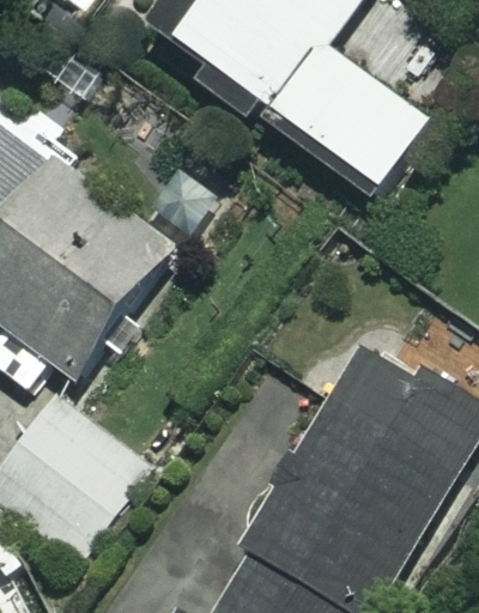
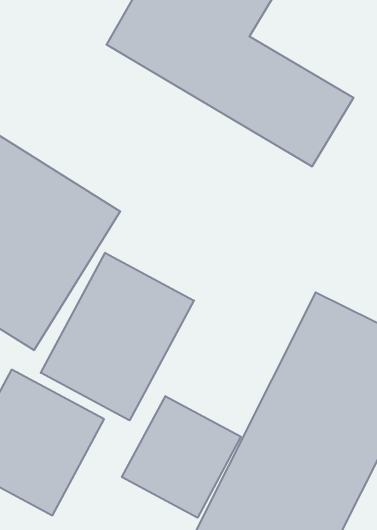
building: none -> [41,253,194,420]
building: none -> [122,396,241,518]

